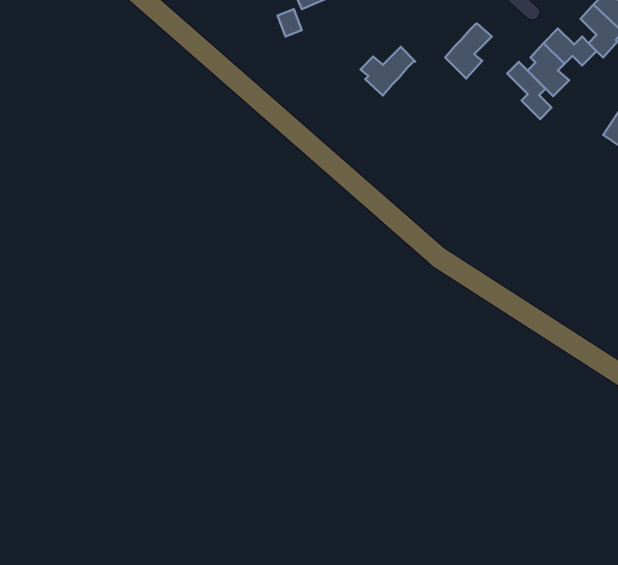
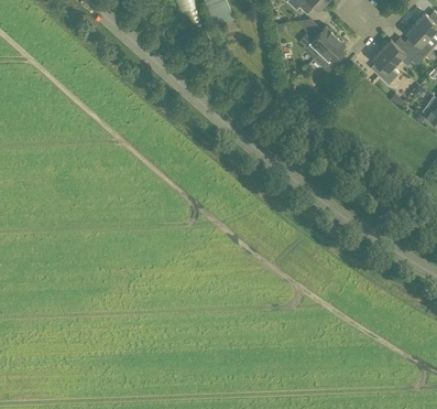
building: [360,47,415,95] -> [301,25,338,58]
building: [507,62,552,119] -> none

